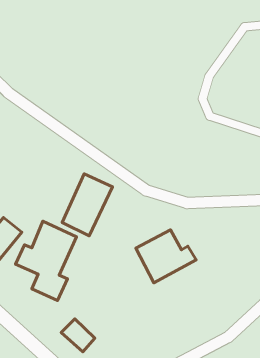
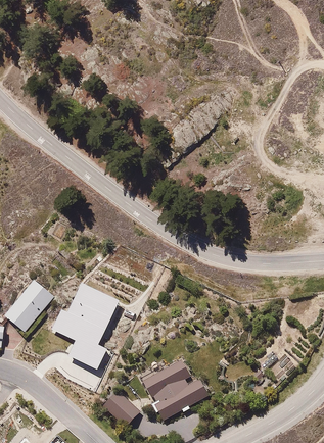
building: [62,174,112,236] -> none
building: [136,230,196,283] -> [141,360,209,420]

